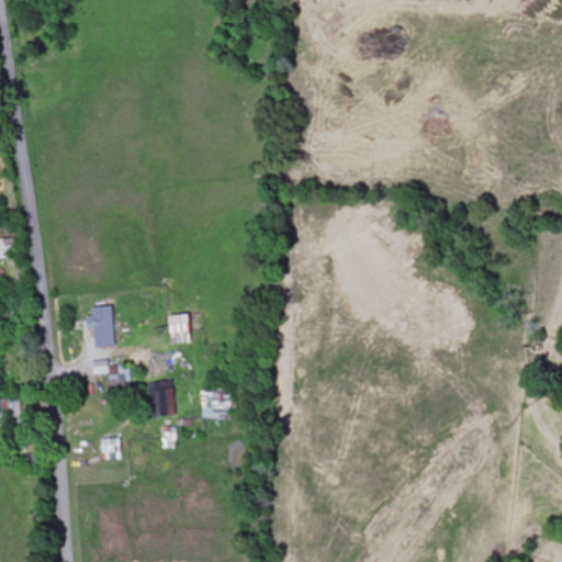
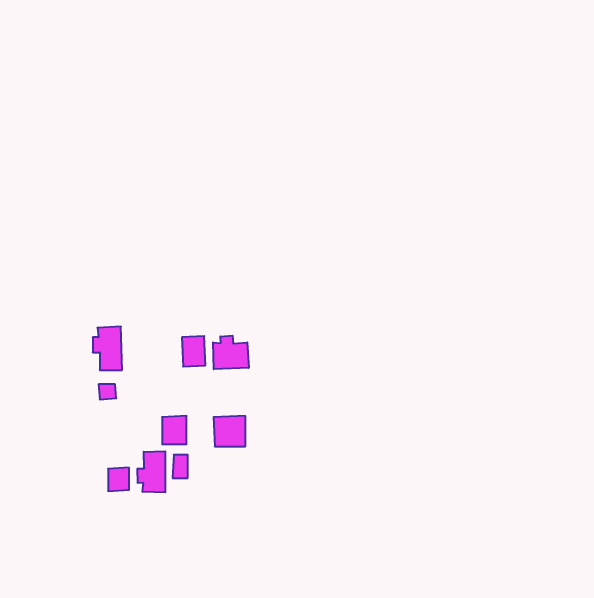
building: none -> [213,336,249,369]
building: none -> [137,451,165,492]

